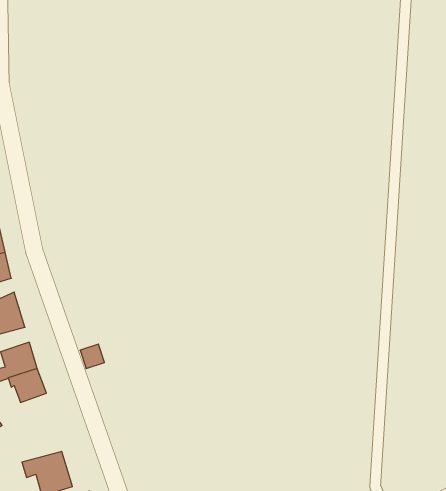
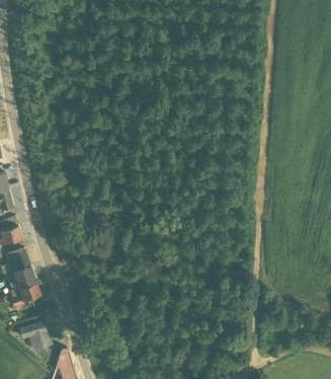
building: none -> [10,283,39,307]

